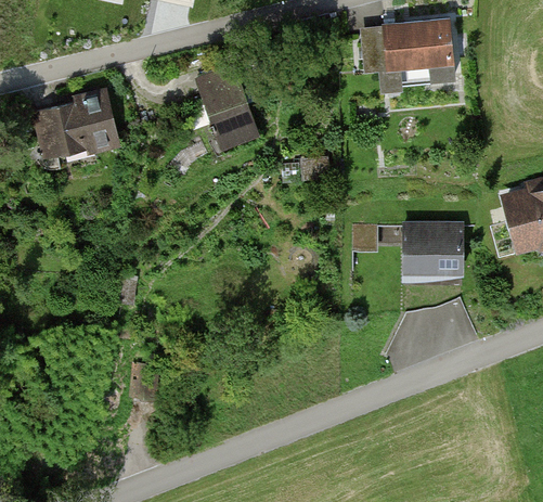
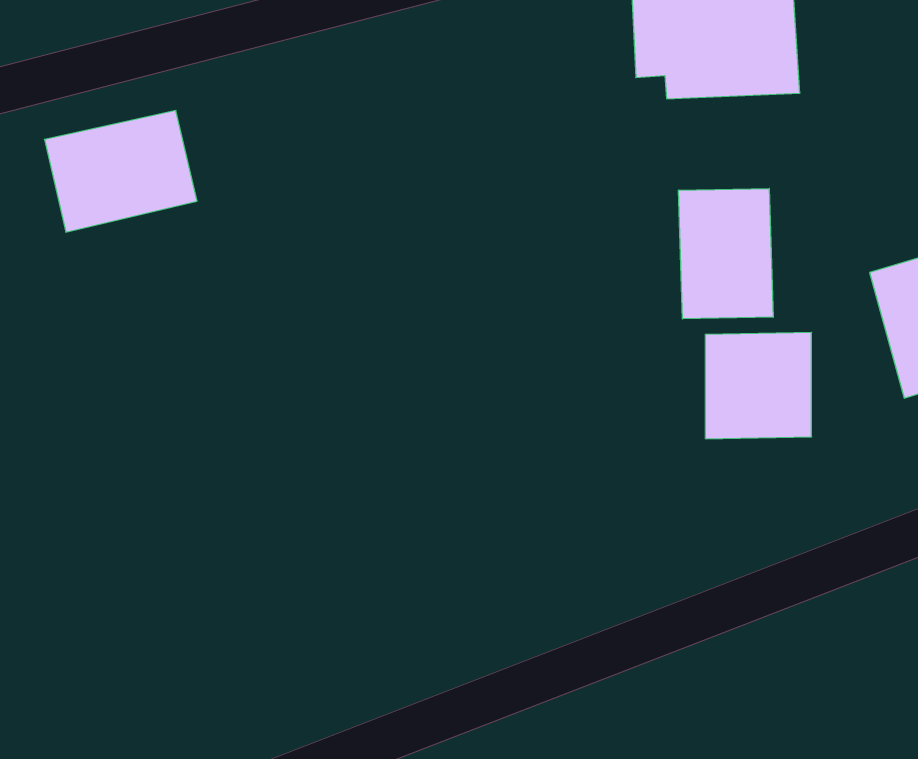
building: [193,60,261,149] -> none
building: none -> [679,188,773,319]

